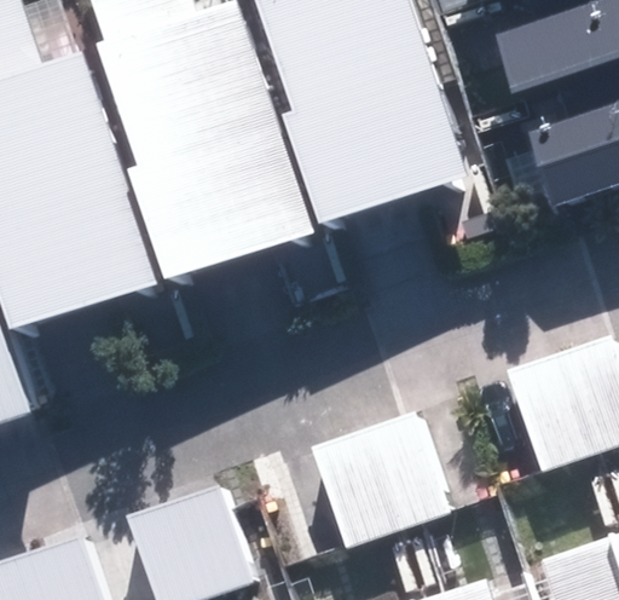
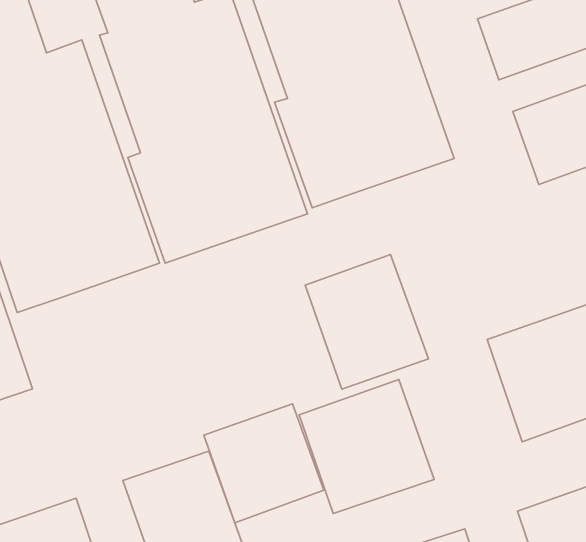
building: none -> [305,254,429,389]
building: none -> [204,404,324,523]

